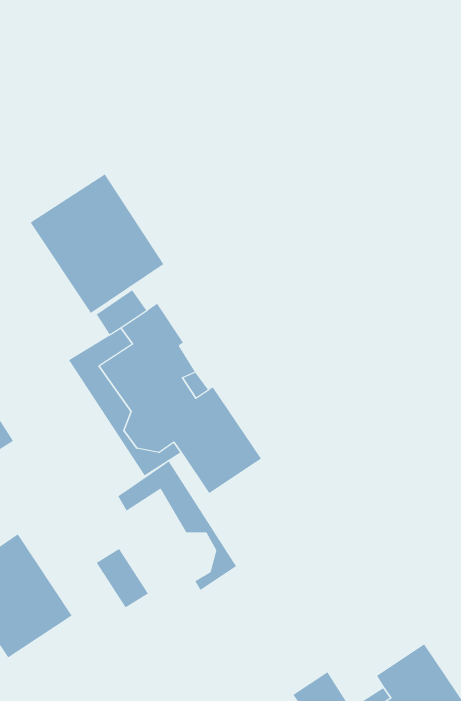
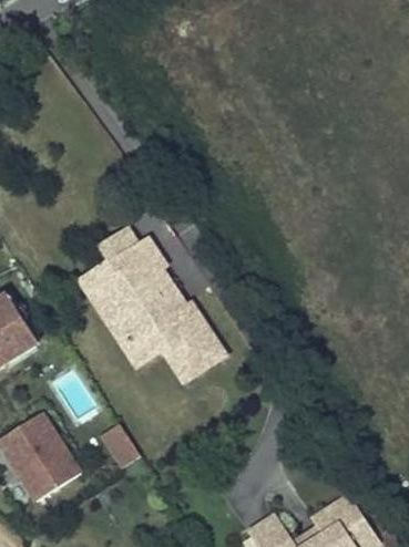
building: [30,174,164,314] -> none
building: [117,460,237,591] -> none

